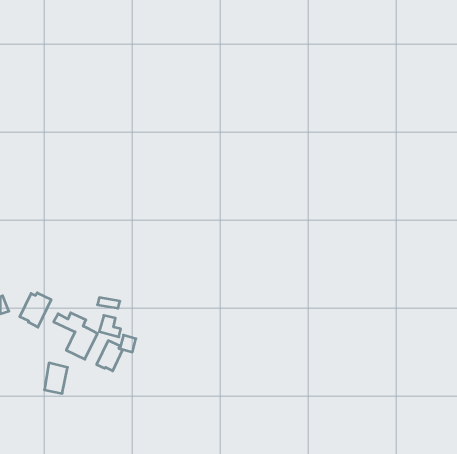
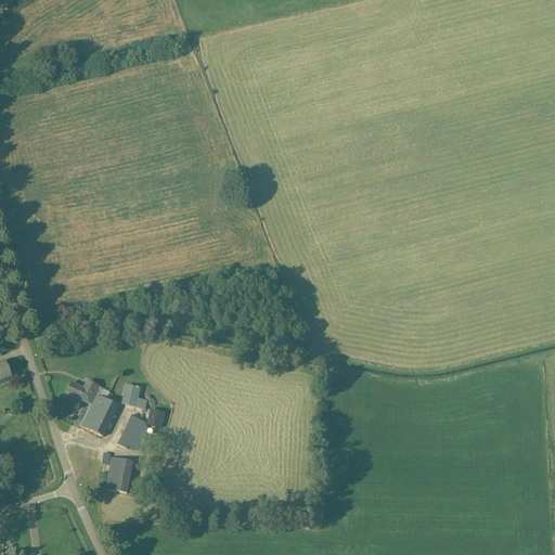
building: [20,293,51,327] -> none
building: [44,363,68,393] -> [105,455,133,492]

